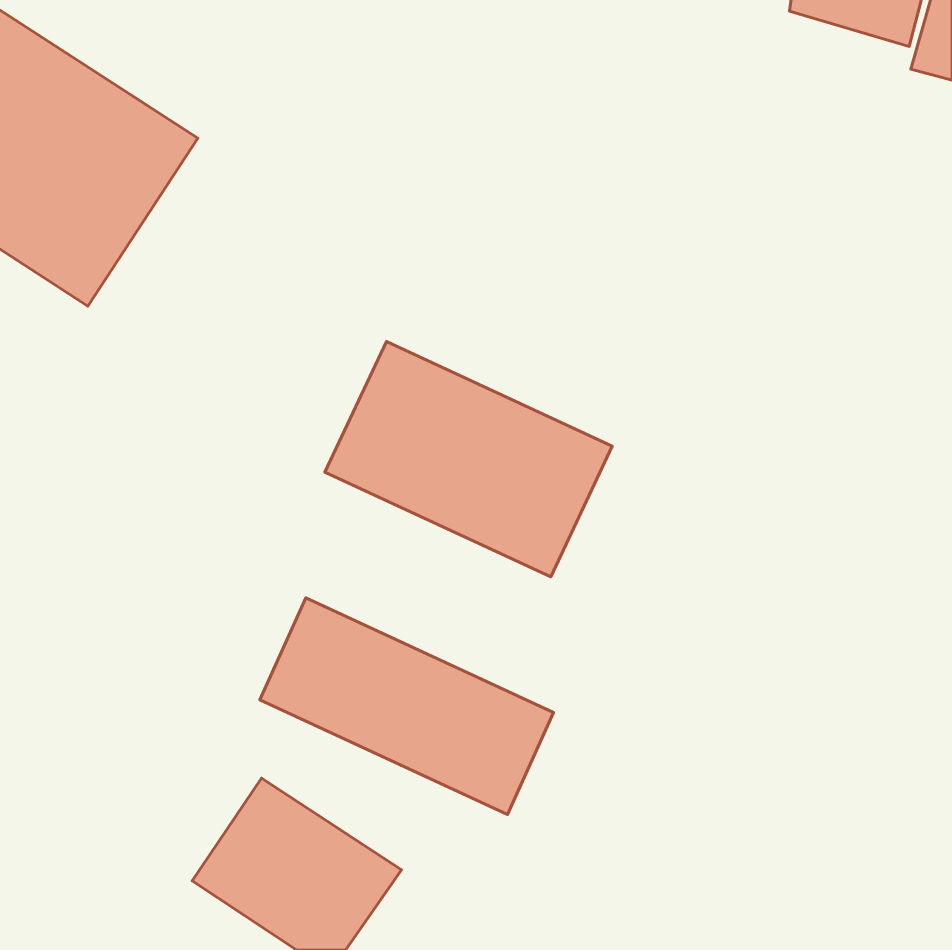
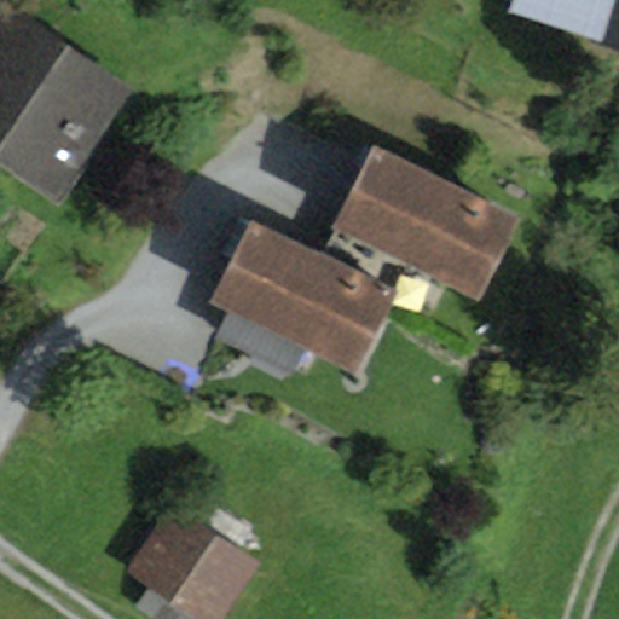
building: none -> [330,147,521,303]
building: [260,598,553,814] -> none

